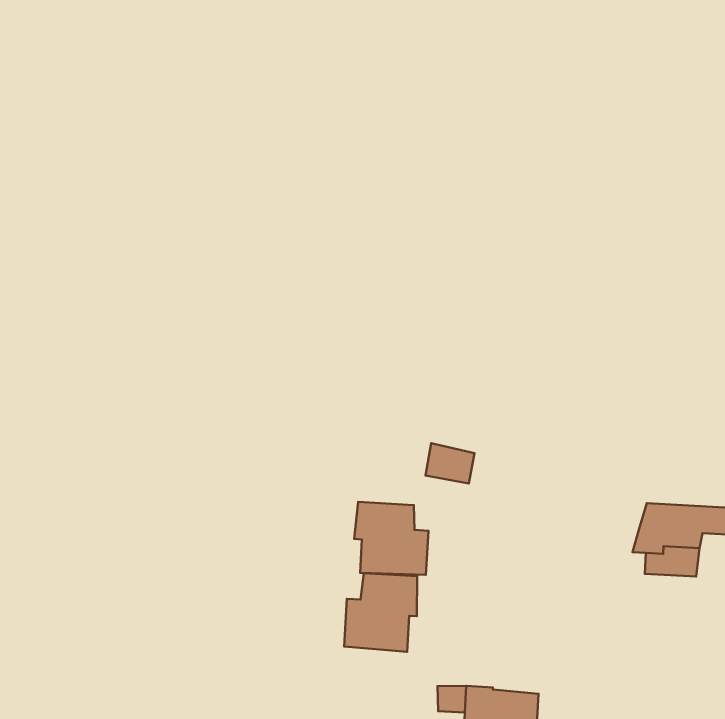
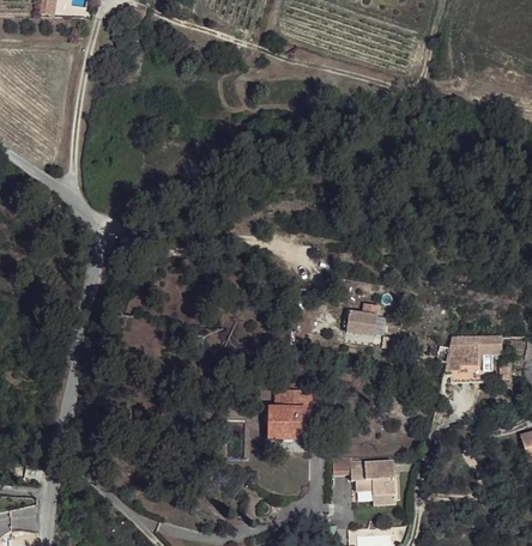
building: [425,443,474,484] -> [349,311,379,335]
building: [354,502,428,575] -> none

